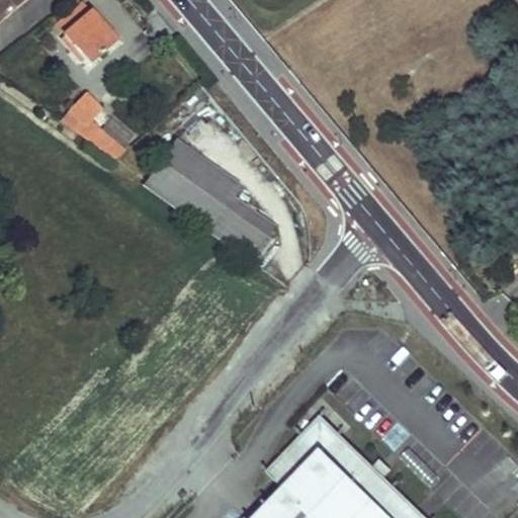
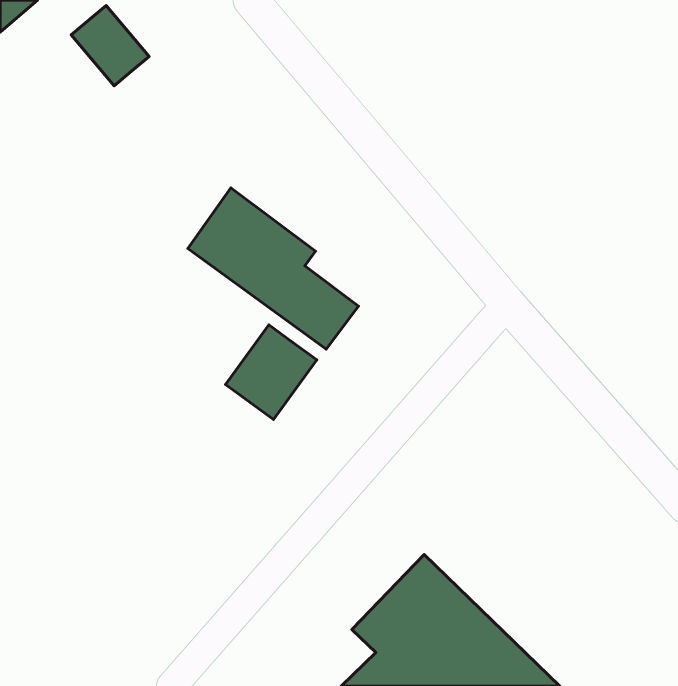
building: [61,96,131,160] -> none
building: none -> [226,325,317,419]

